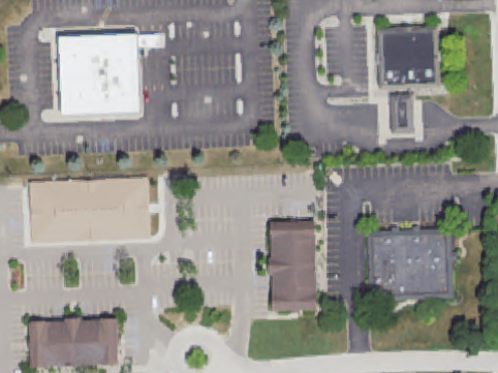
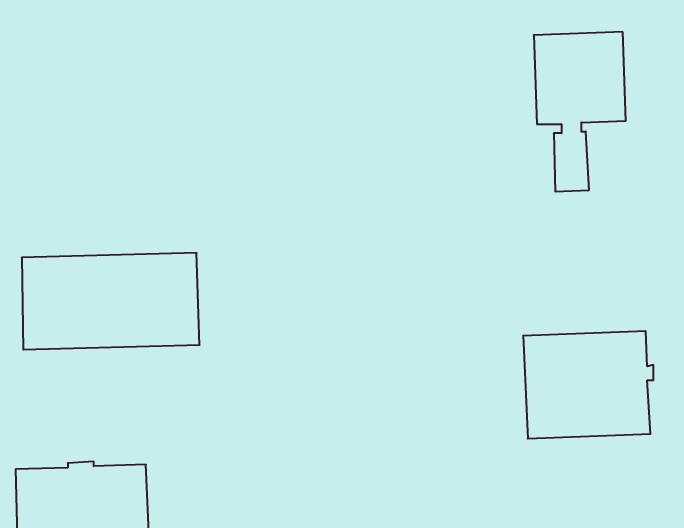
building: [61,34,165,116] -> none
building: [266,225,315,312] -> none

